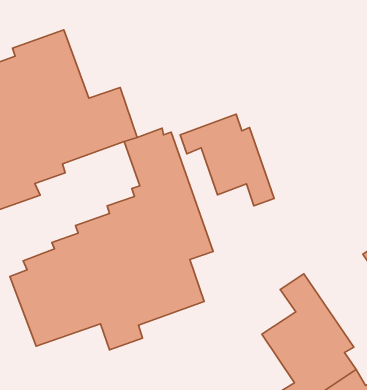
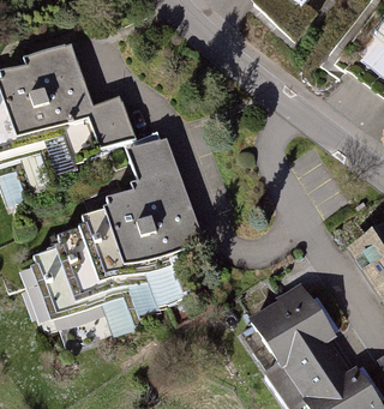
building: [180,114,274,206] -> none

